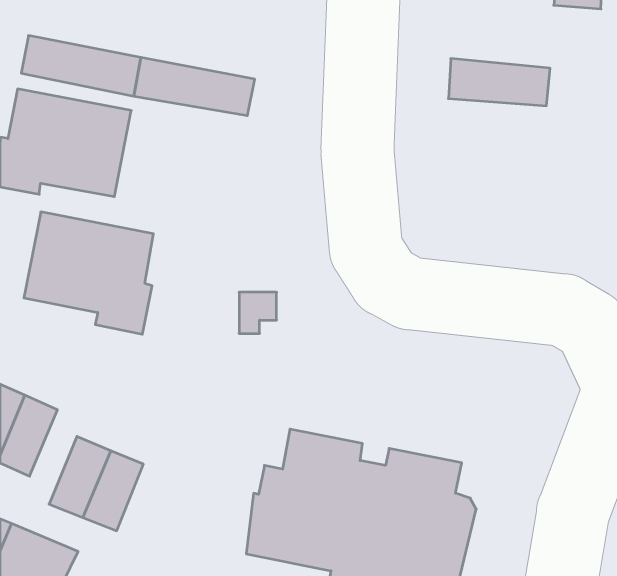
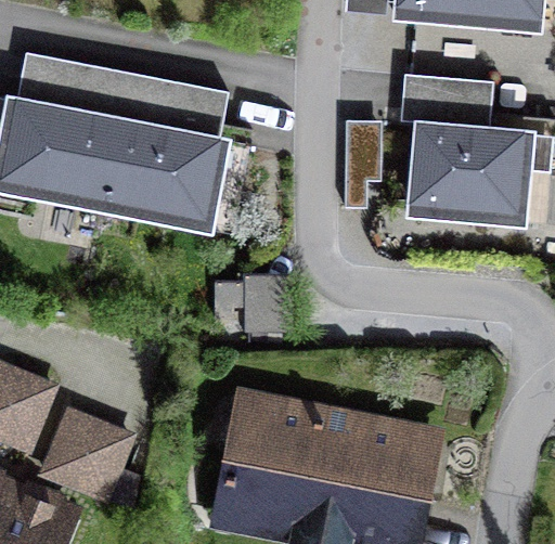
building: none -> [411,122,526,221]
building: [24,212,153,334] -> [103,119,219,229]

